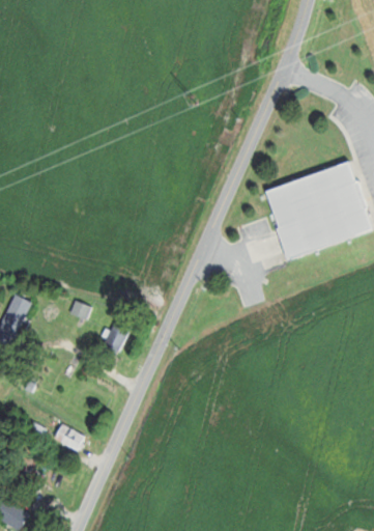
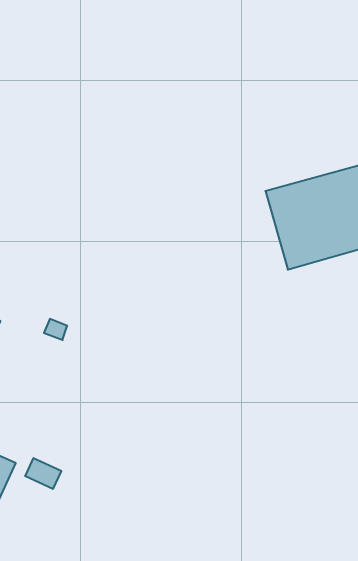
building: [102,320,131,356] -> none

